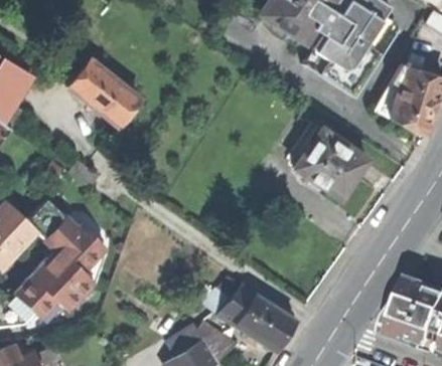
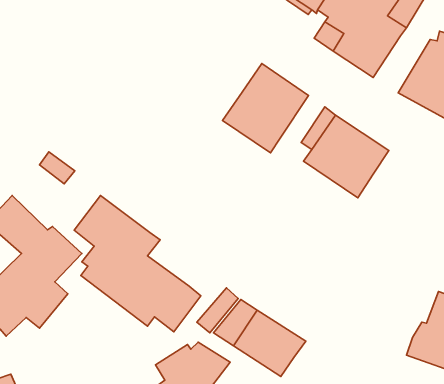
building: [67,59,139,127] -> none
building: none -> [222,64,309,153]
building: none -> [74,196,201,332]

